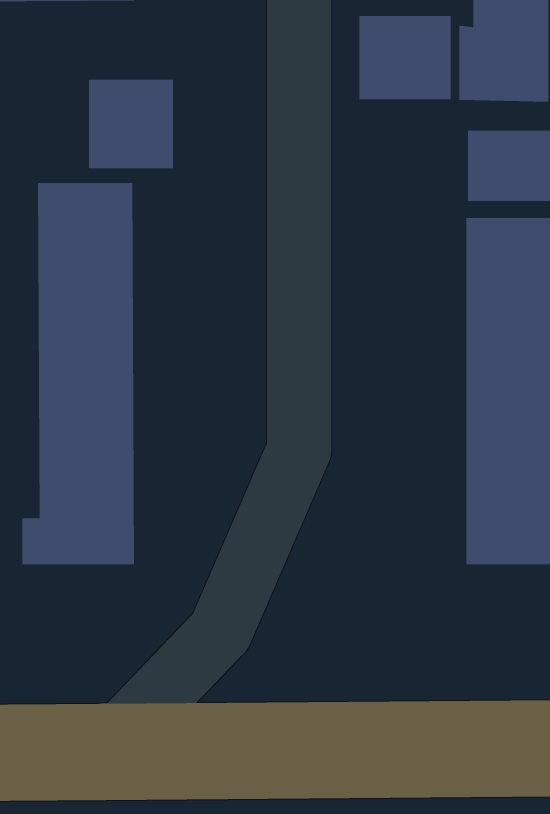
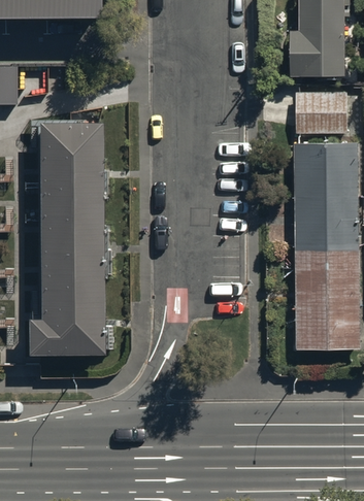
building: [359,15,451,100] -> none
building: [88,79,174,169] -> none

